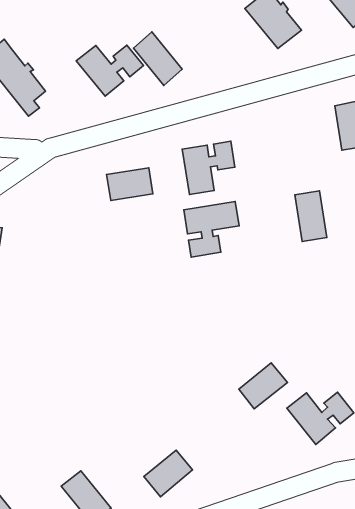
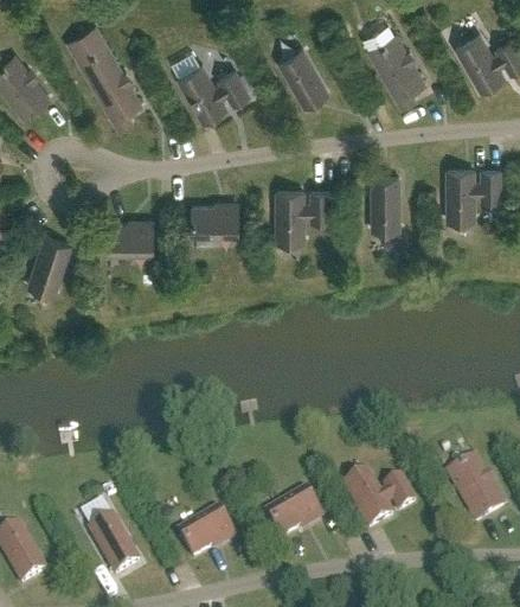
building: [133,32,182,85] -> [280,47,328,107]
building: [295,191,327,241] -> [372,178,399,229]
building: none -> [107,223,153,251]
building: [184,202,239,257] -> none
building: [239,363,288,409] -> [268,493,321,539]

